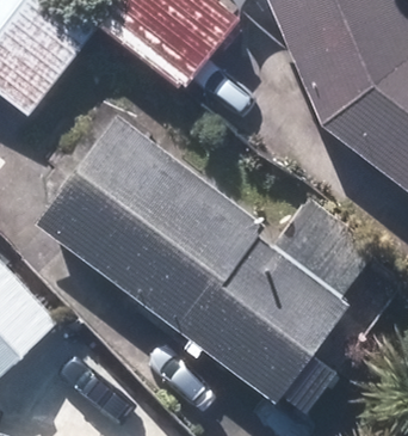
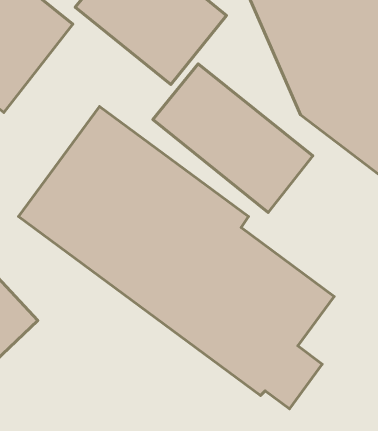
building: none -> [153,64,313,213]

